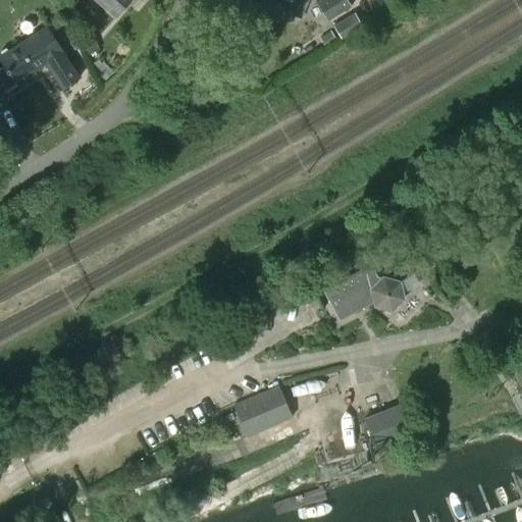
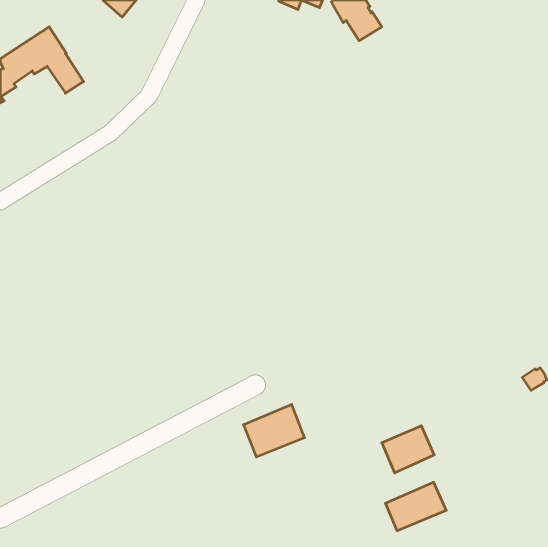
building: [323,266,414,321] -> none
building: none -> [385,482,446,531]

